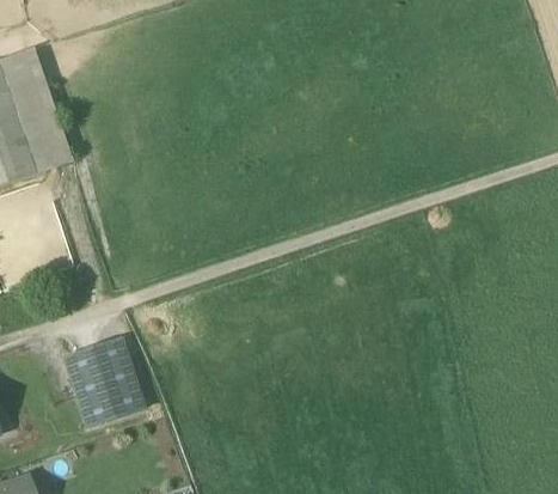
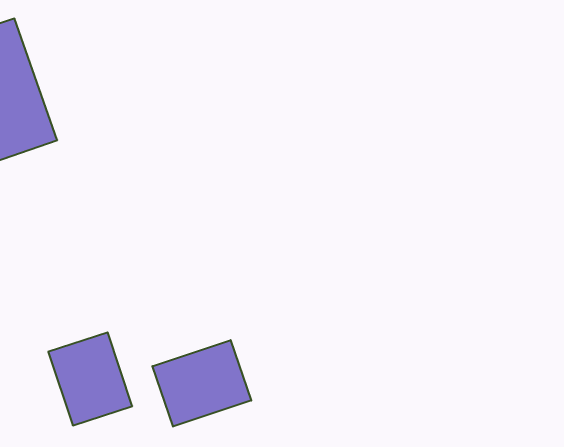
building: none -> [152,340,251,427]

